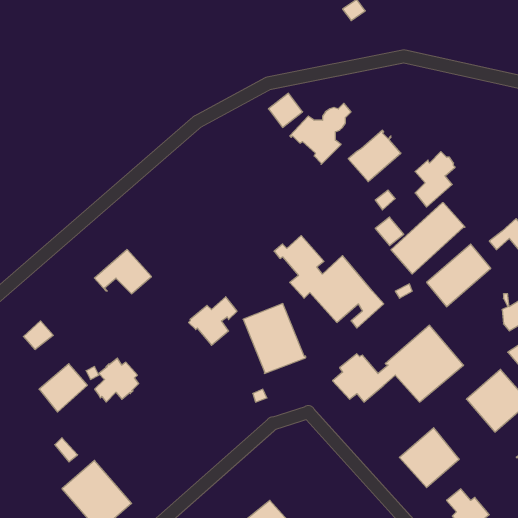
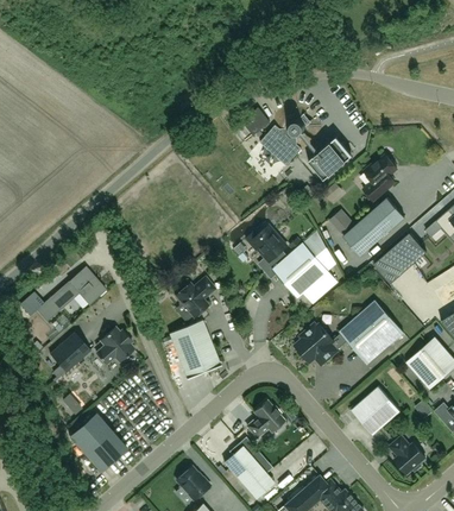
building: [94,250,151,294] -> [58,266,106,303]
building: [243,304,306,373] -> [169,320,221,378]
building: none -> [247,399,284,437]

